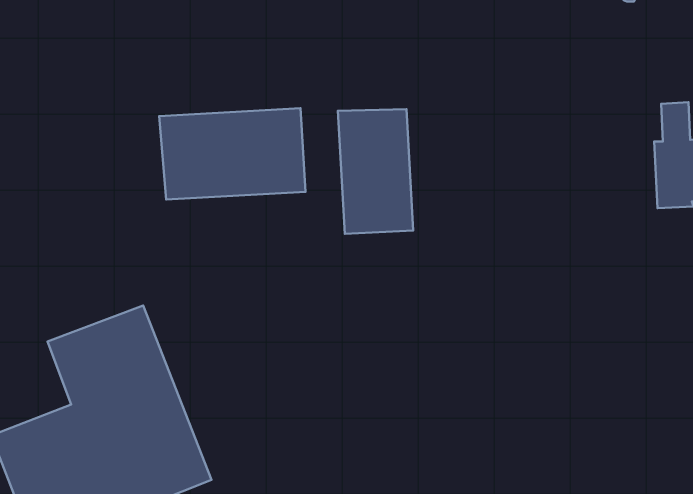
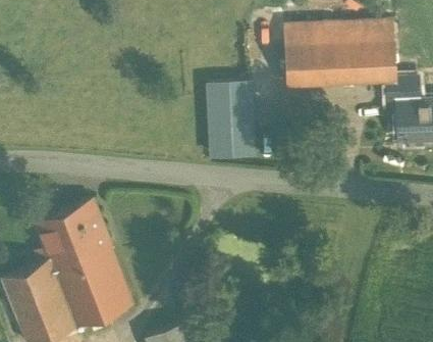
building: none -> [284,22,397,86]
building: [159,108,305,199] -> none

